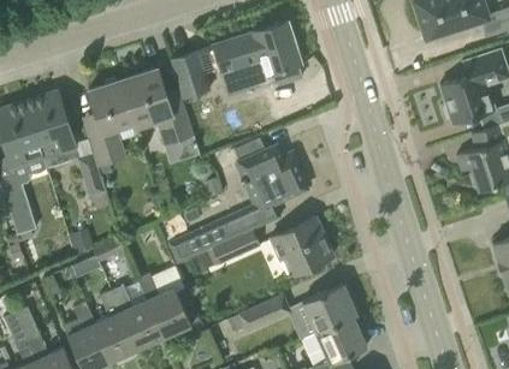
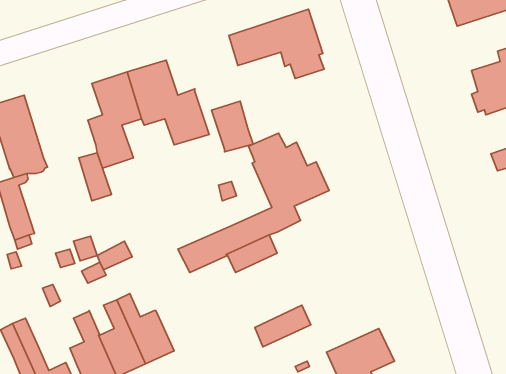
building: [171,52,209,99] -> [211,101,253,152]
building: [25,91,76,160] -> none
building: [271,219,332,275] -> none
building: [136,273,191,338] -> none
building: [302,285,357,334] -> none

